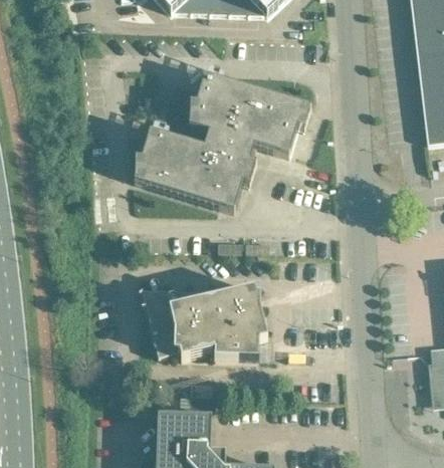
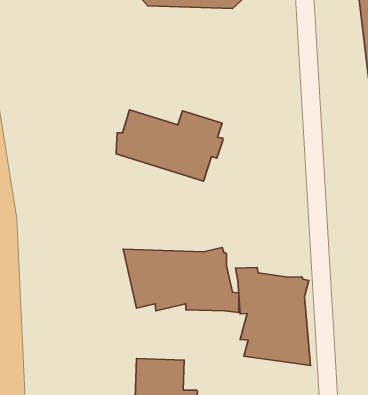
building: [189,74,310,156] -> none
building: none -> [235,268,310,366]

